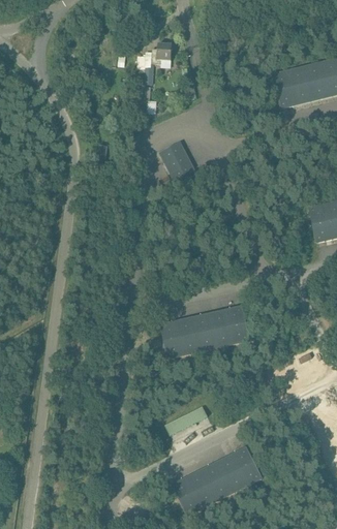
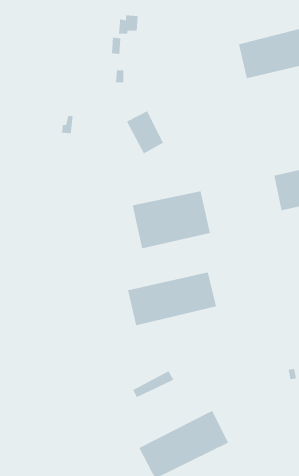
building: none -> [132,191,211,249]

